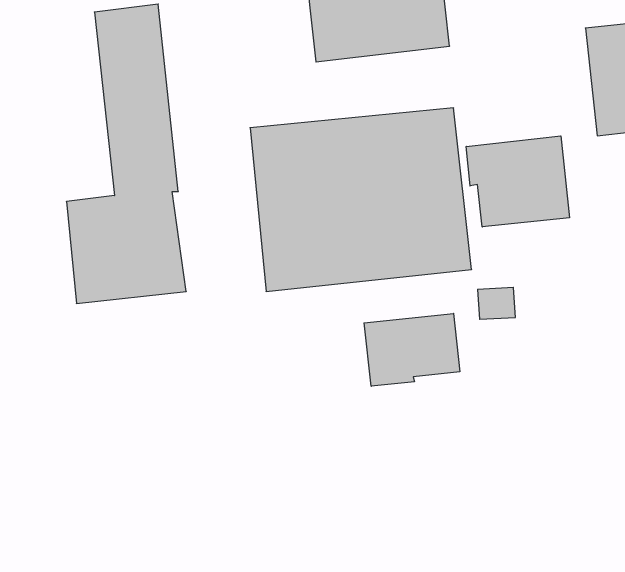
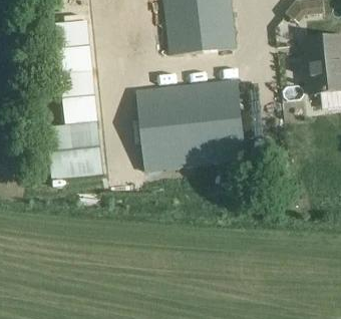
building: [466,136,569,227] -> none
building: [364,313,460,386] -> none

